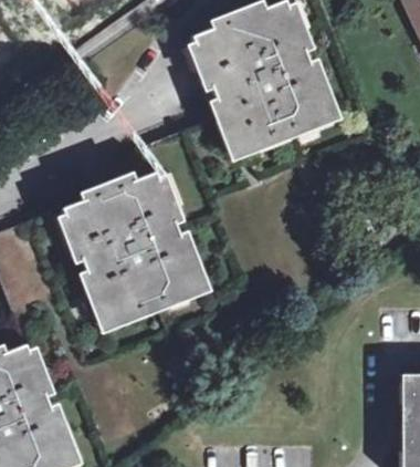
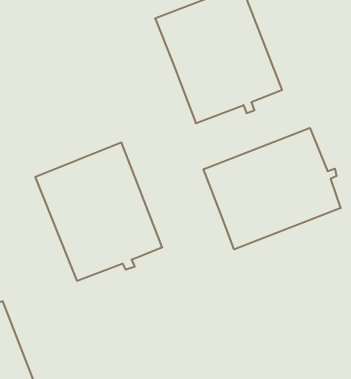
building: none -> [204,128,341,249]

